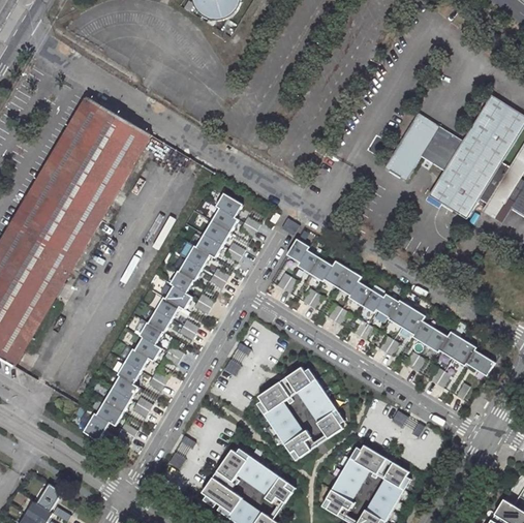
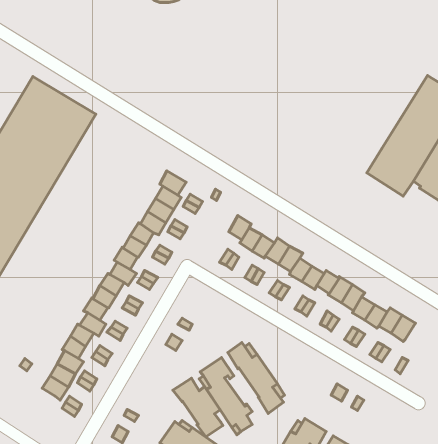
building: [382,113,461,180] -> none
building: [466,350,495,376] -> none
building: none -> [173,378,223,437]
building: [83,412,110,441] -> none

